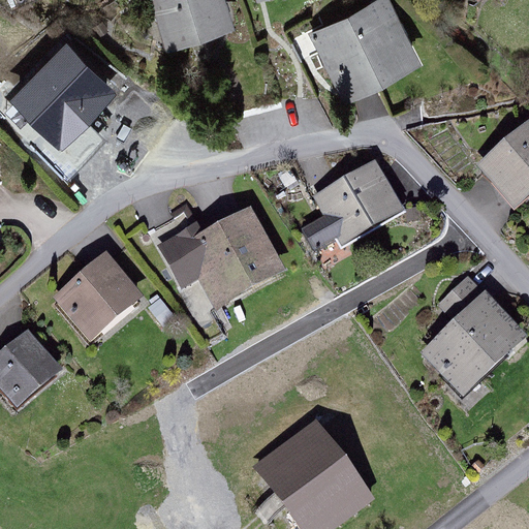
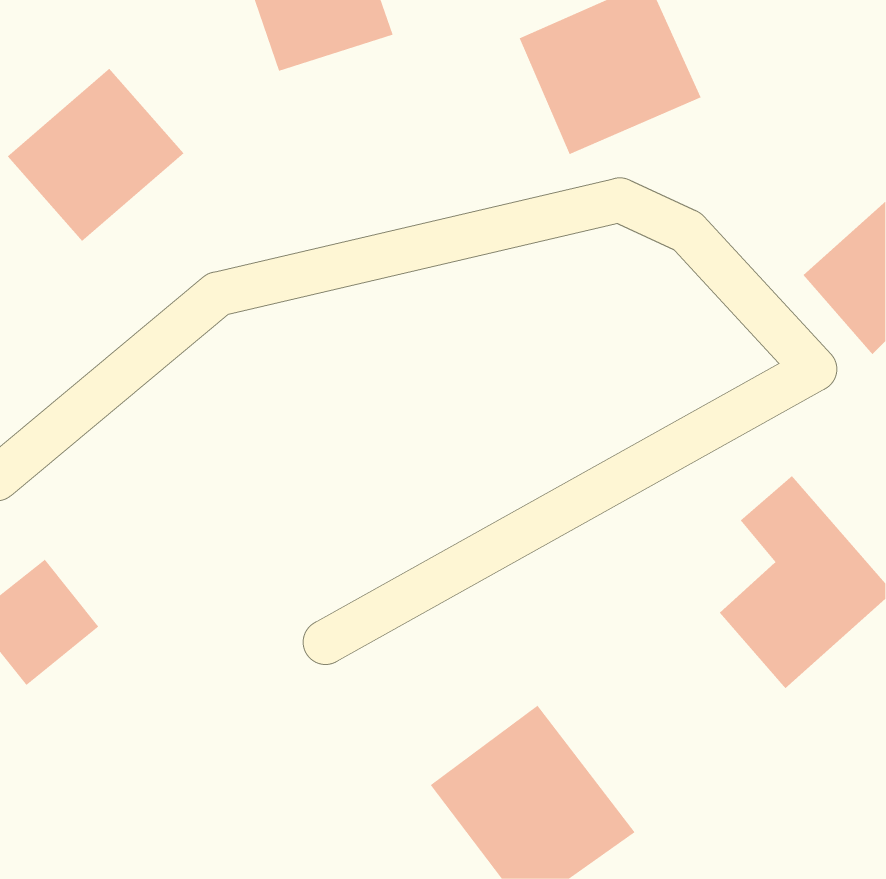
building: [303,161,402,250] -> none
building: [156,210,284,311] -> none
building: [54,257,141,341] -> none

